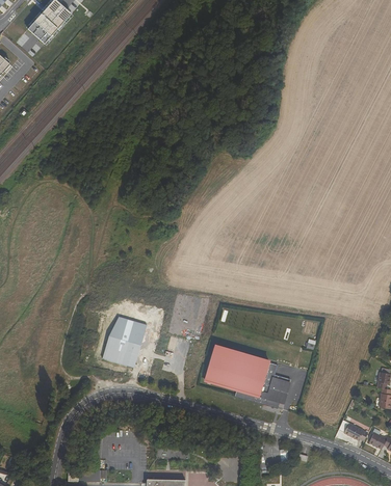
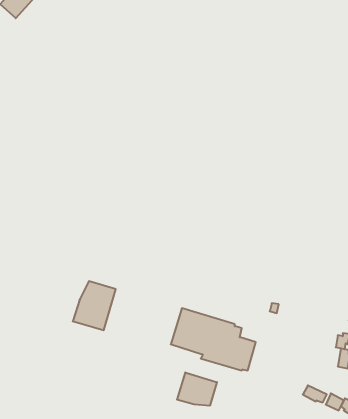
building: none -> [177,372,217,406]

